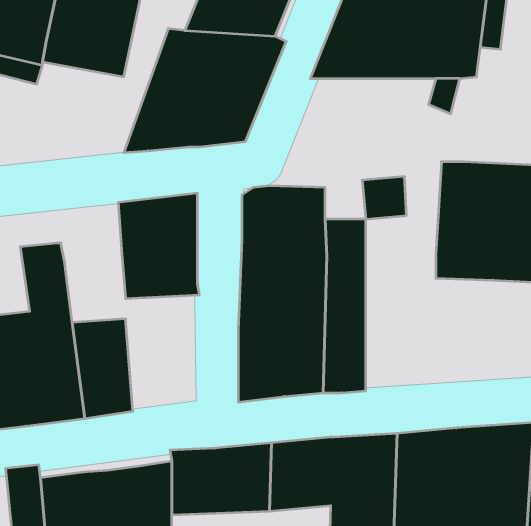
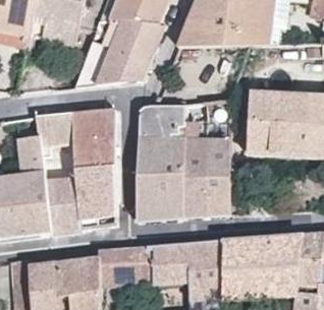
building: none -> [36,113,73,145]
building: none -> [208,138,230,216]
building: none -> [75,164,117,228]

